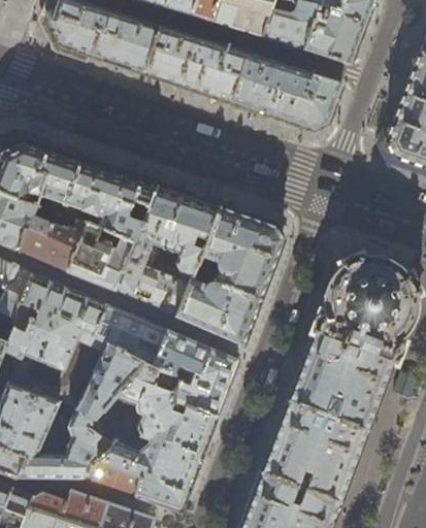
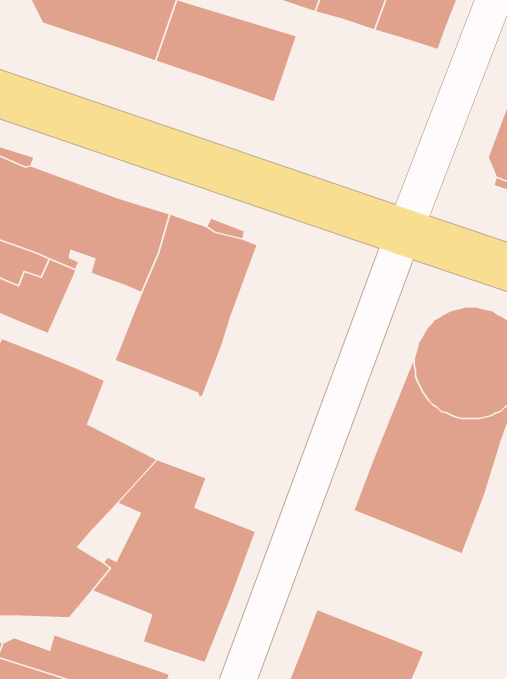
building: [231,55,343,129] -> none
building: [178,207,284,346] -> none
building: [66,224,134,292] -> none
building: [95,306,239,417] -> none
building: [262,401,368,504] -> none
building: [81,460,141,497] -> none

